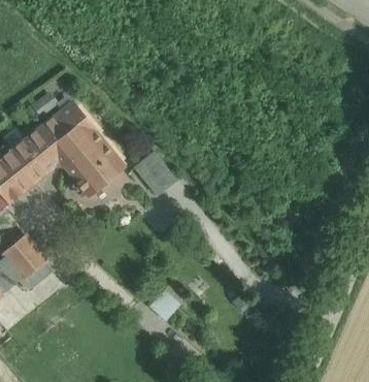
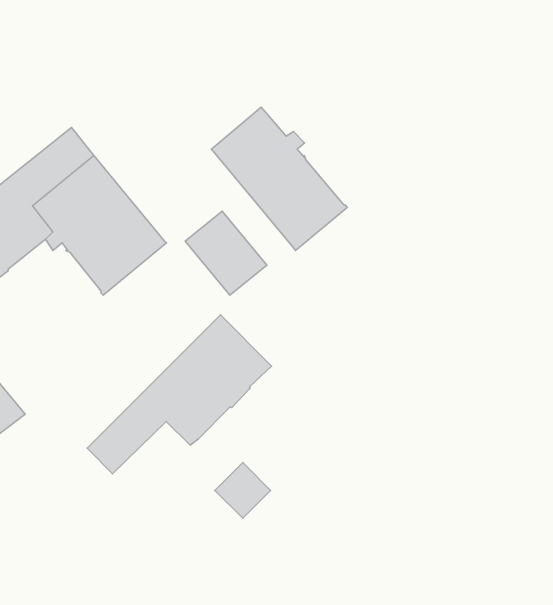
building: none -> [211,107,347,251]
building: none -> [87,315,272,474]

